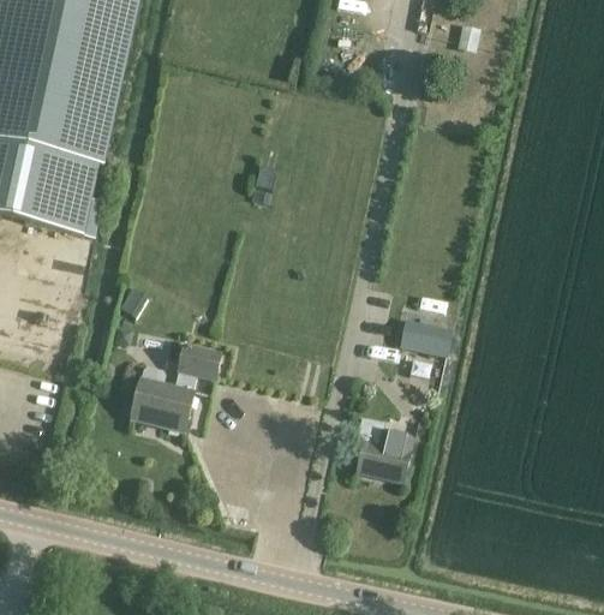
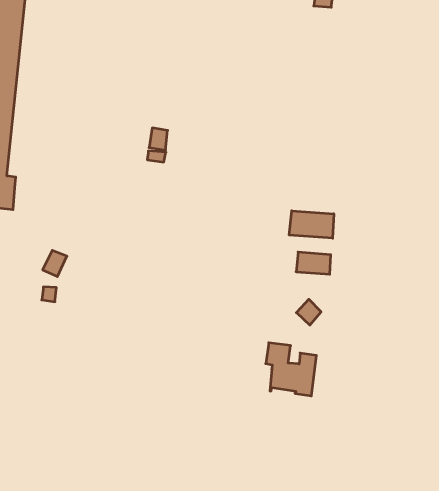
building: none -> [289,211,334,238]
building: [132,345,222,431] -> none

